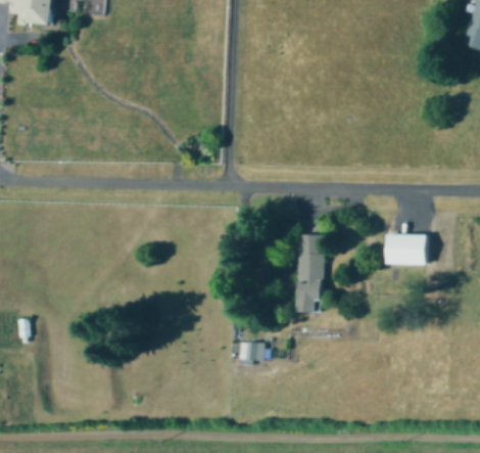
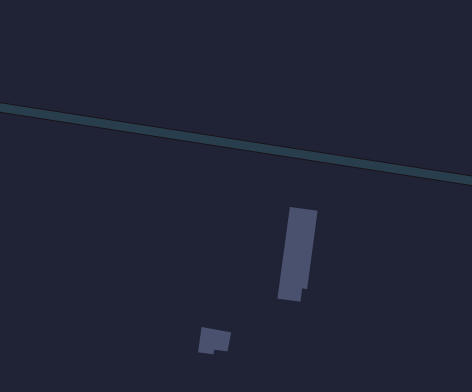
building: [382,234,432,265] -> none

